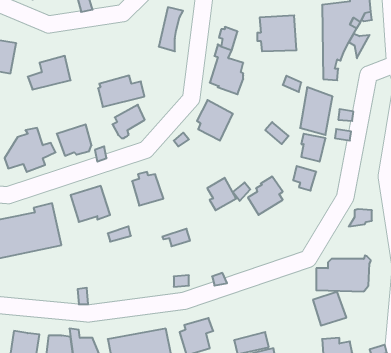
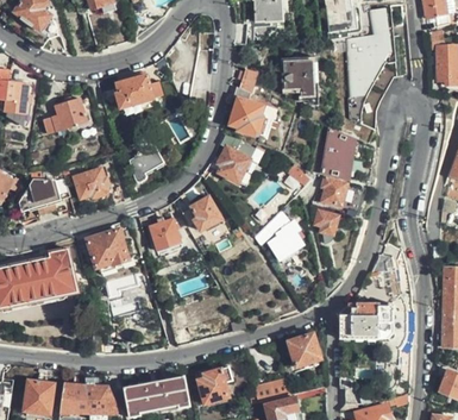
building: [98,76,144,107] -> [114,75,162,107]
building: [207,178,236,210] -> [190,198,220,231]
building: [313,292,346,326] -> [287,333,321,368]

